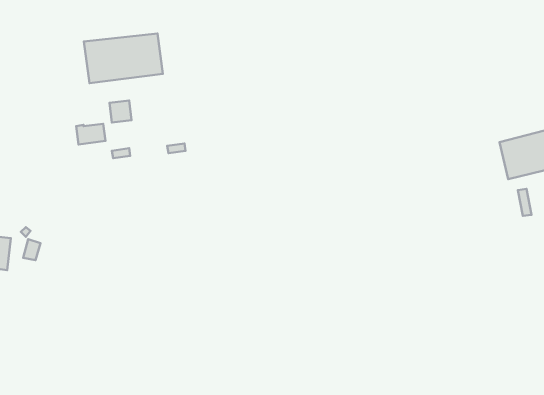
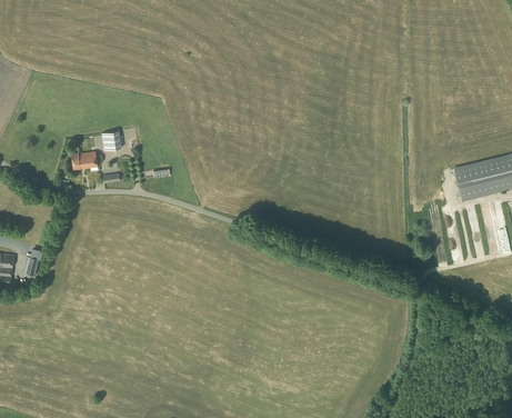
building: [84,33,163,83] -> none

